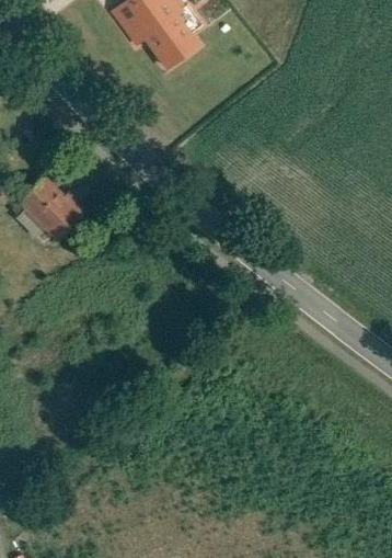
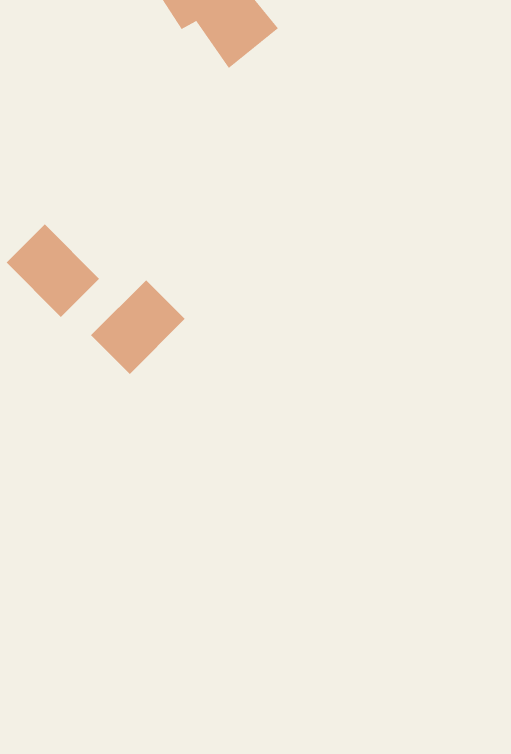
building: none -> [90,279,186,375]

